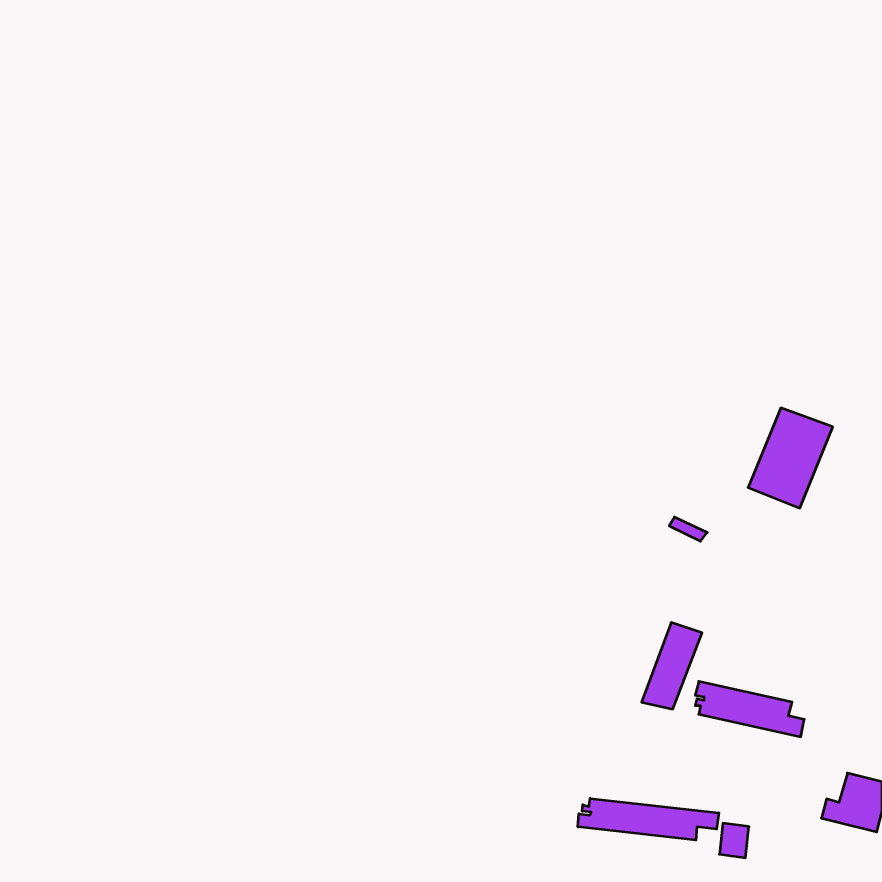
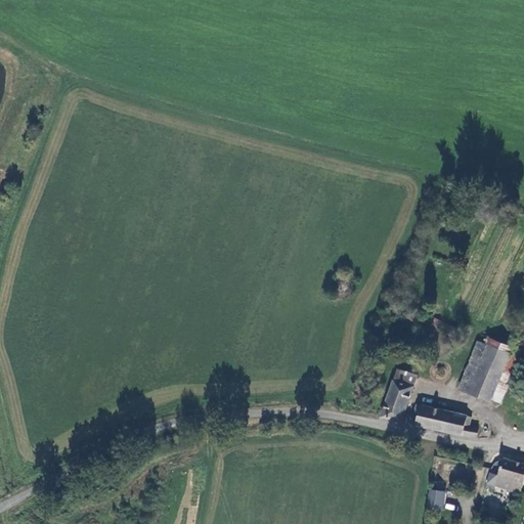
building: [748,408,833,508] -> [460,341,510,400]
building: [578,798,719,840] -> none

